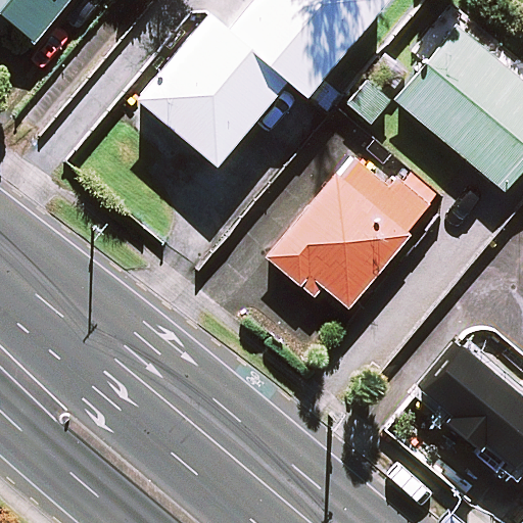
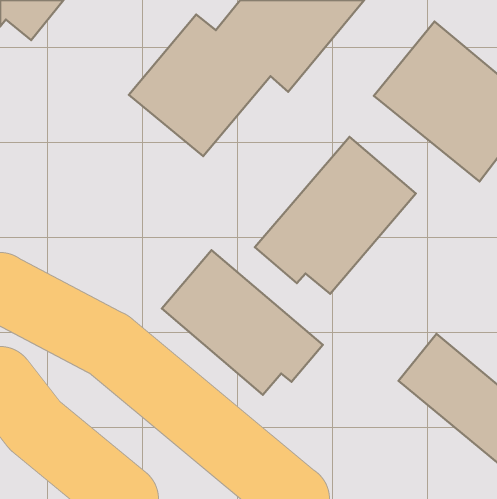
building: none -> [162,250,323,395]

